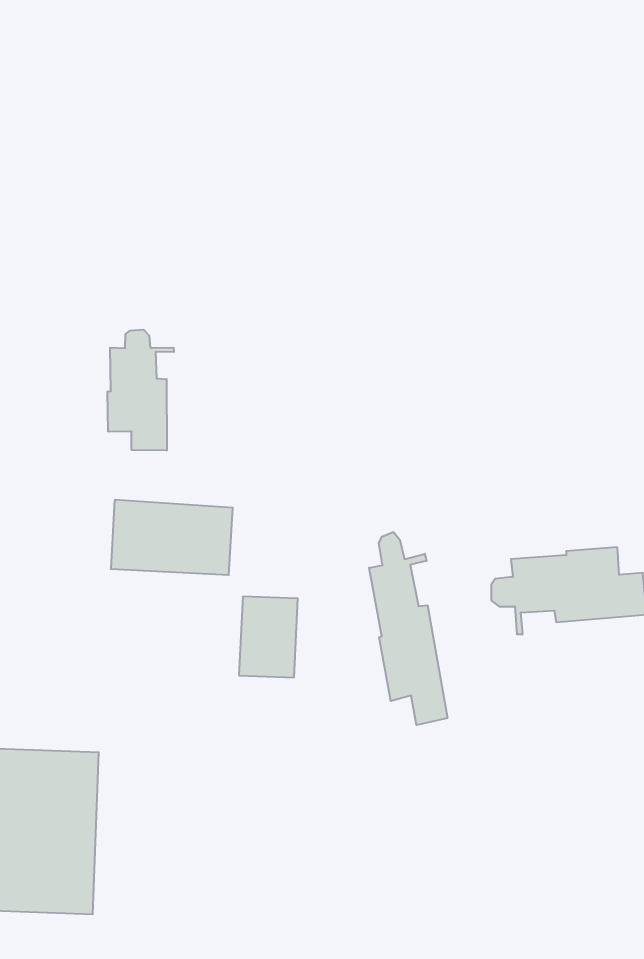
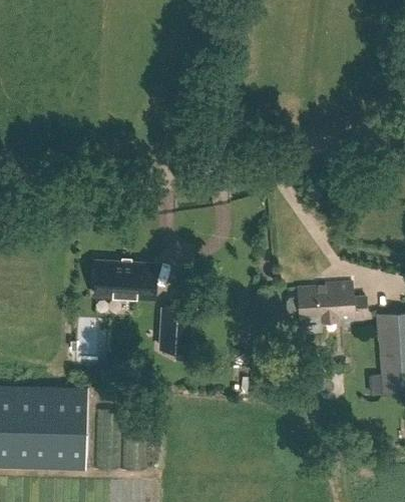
building: [108,330,174,451] -> none
building: [369,532,447,725] -> none

